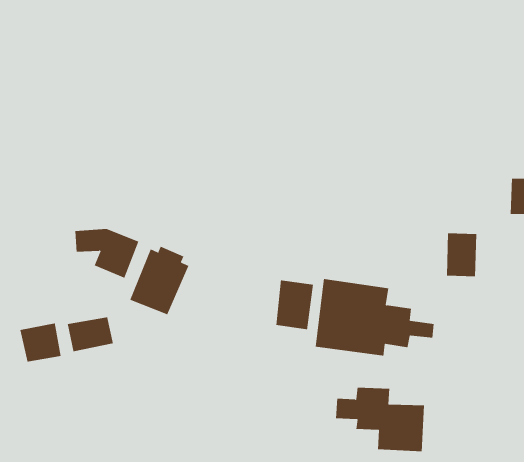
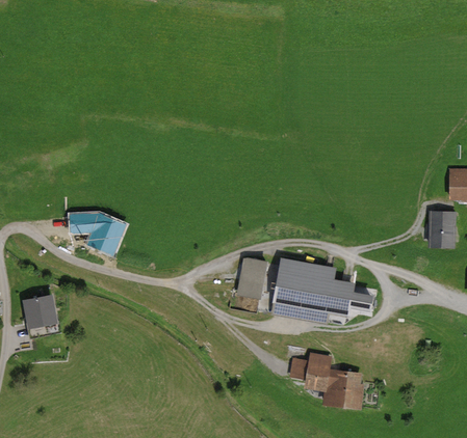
building: [446,233,477,277] -> [424,211,451,249]
building: [129,246,189,315] -> none
building: [67,316,114,352] -> none

